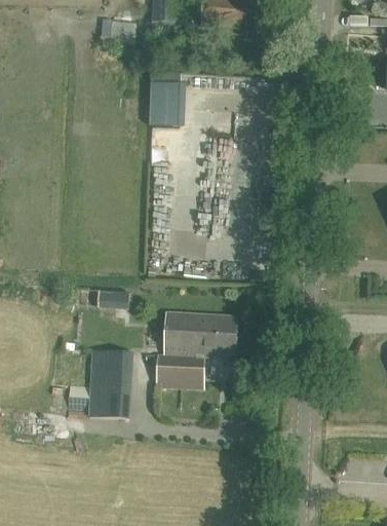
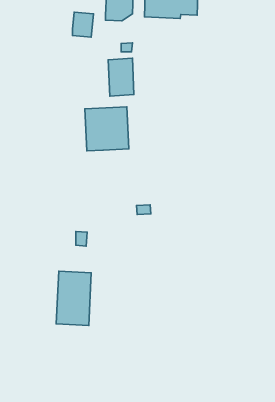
building: none -> [85,107,129,151]
building: [157,309,238,387] -> none

